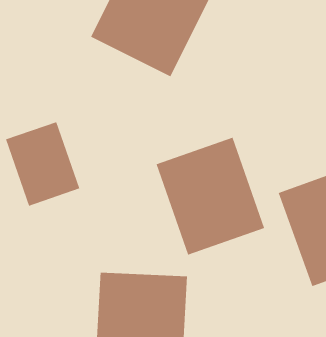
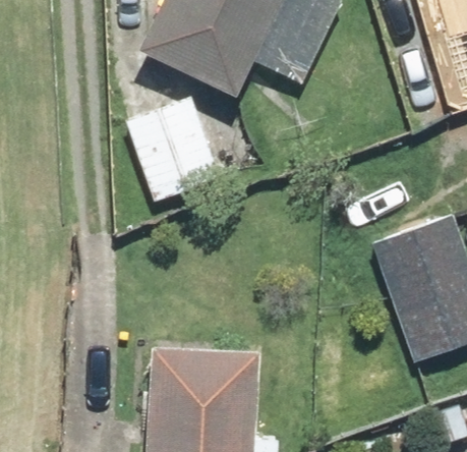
building: [5,121,80,206] -> [127,99,222,206]
building: [156,137,265,255] -> none

